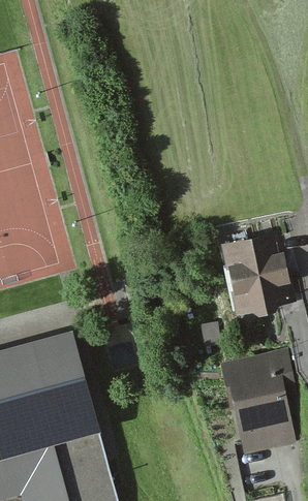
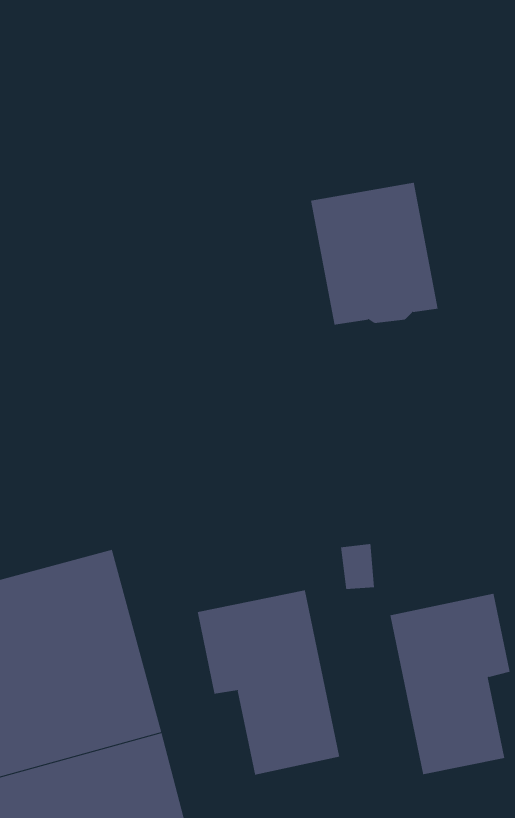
building: [220,233,292,314] -> [310,182,438,325]
building: none -> [197,590,340,775]

